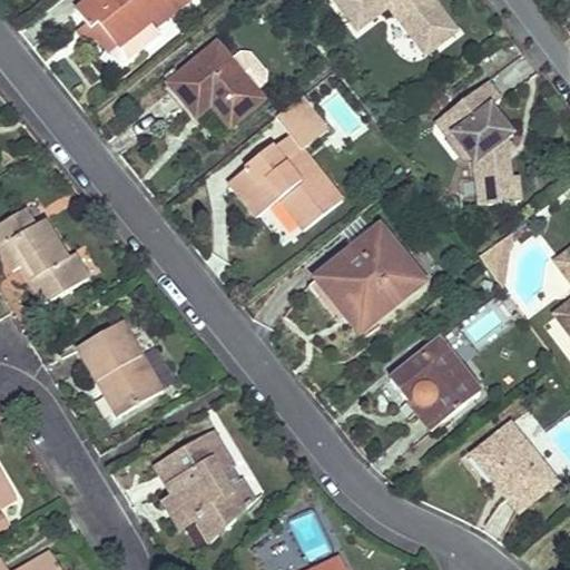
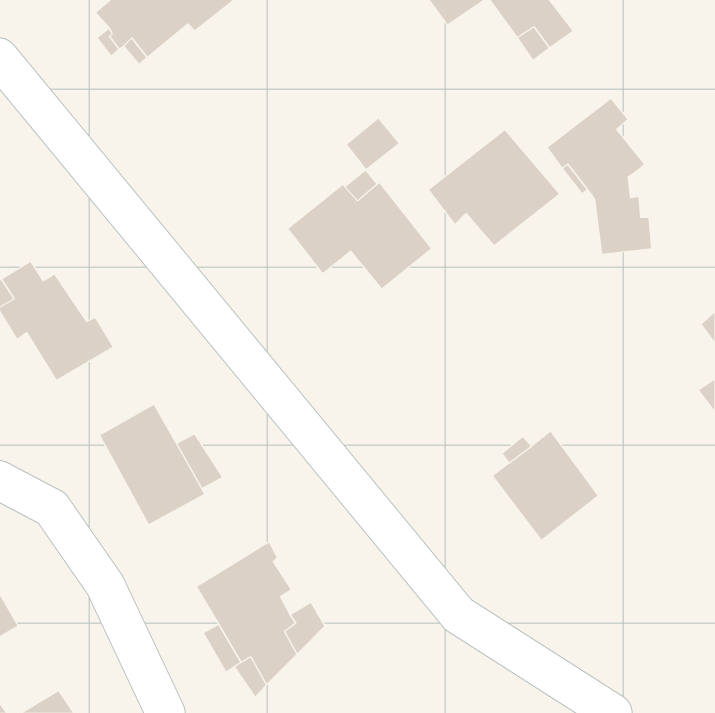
building: [160,38,268,132] -> none
building: [317,228,422,321] -> [428,129,560,246]
building: [473,423,557,510] -> none

